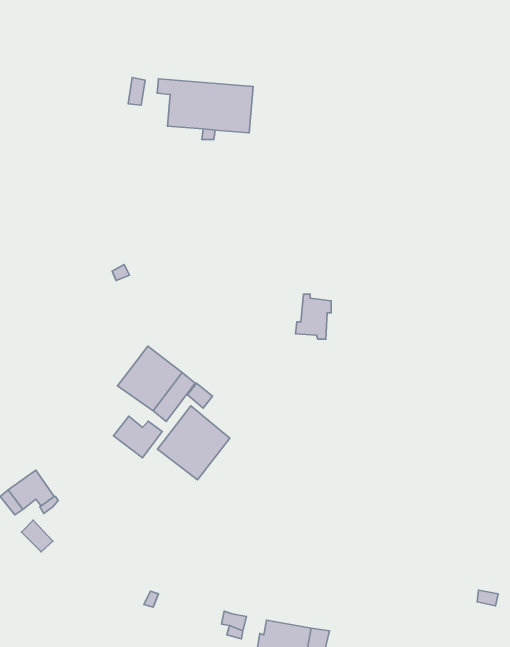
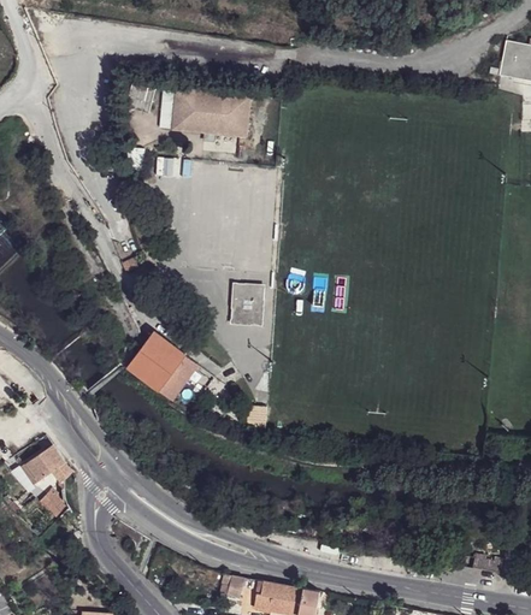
building: [296,294,331,339] -> [230,284,262,325]
building: [157,406,230,480] -> none
building: [113,416,162,458] -> none

